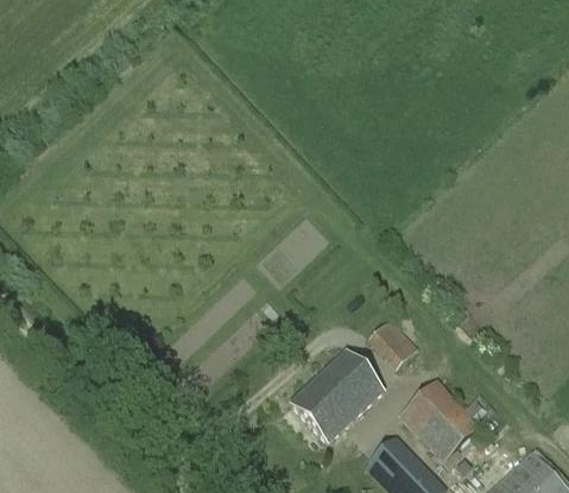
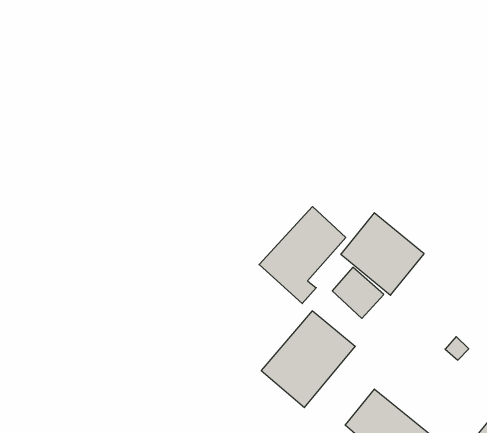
building: none -> [259,207,346,304]
building: [399,379,479,460] -> [341,213,424,295]

